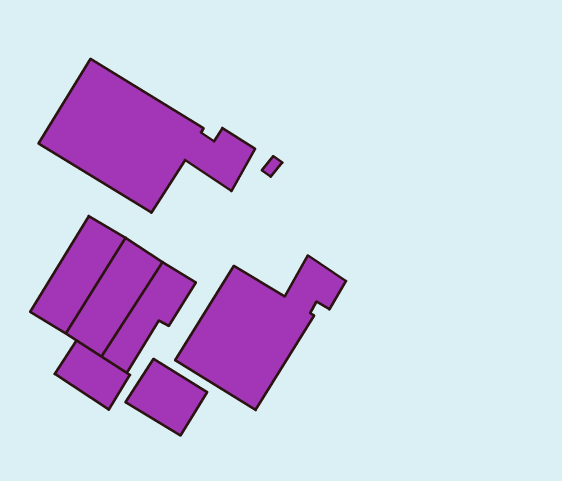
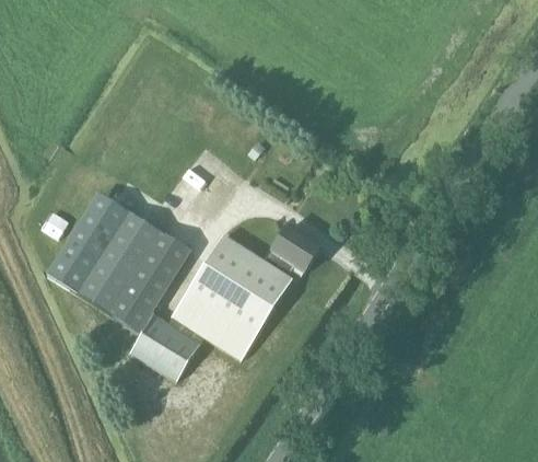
building: [39,59,255,213] -> none
building: [55,340,130,410] -> none

